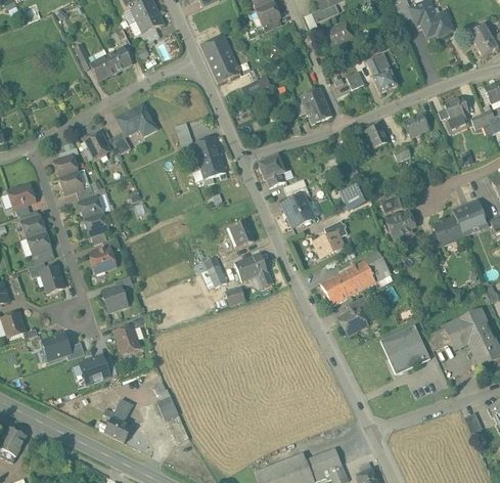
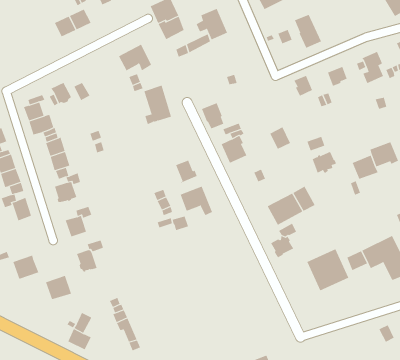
building: [294,87,331,124] -> [196,8,228,40]
building: [117,103,155,135] -> [118,44,152,71]
building: [320,275,347,305] -> none

